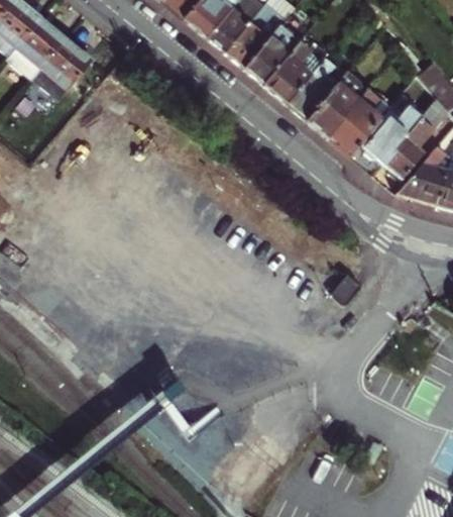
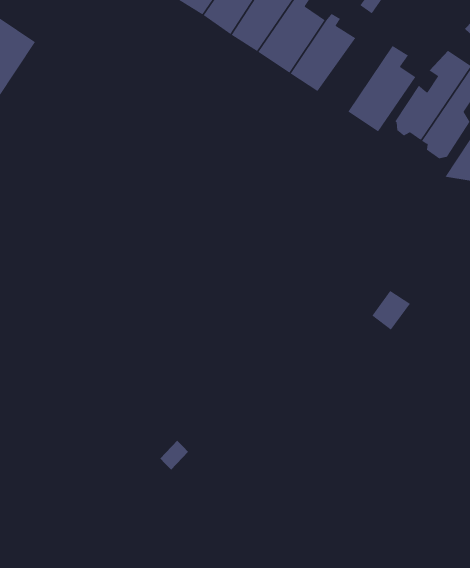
building: [308,78,368,135] -> none

